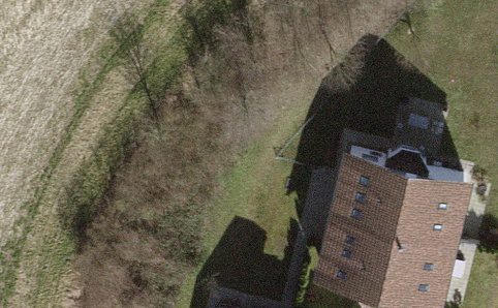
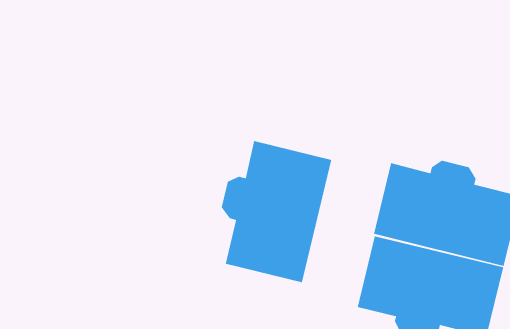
building: none -> [221,140,332,283]

